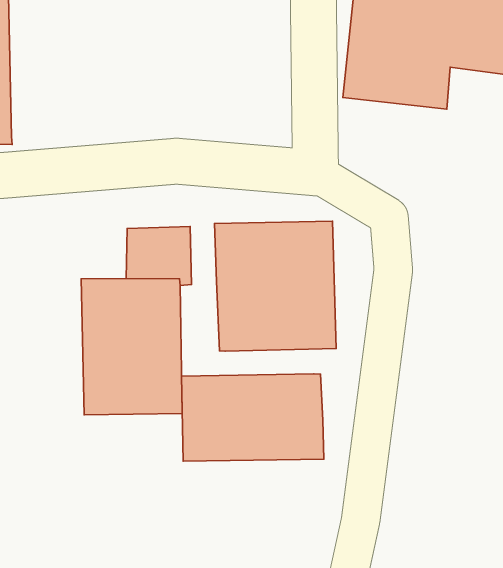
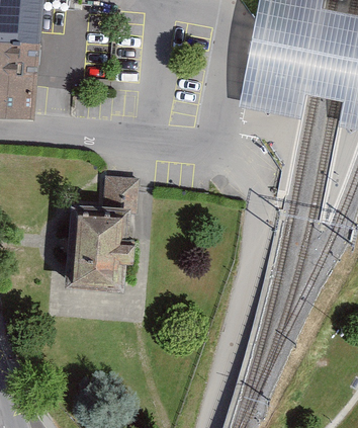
building: [215,221,336,351] -> none
building: [182,374,324,461] -> none

